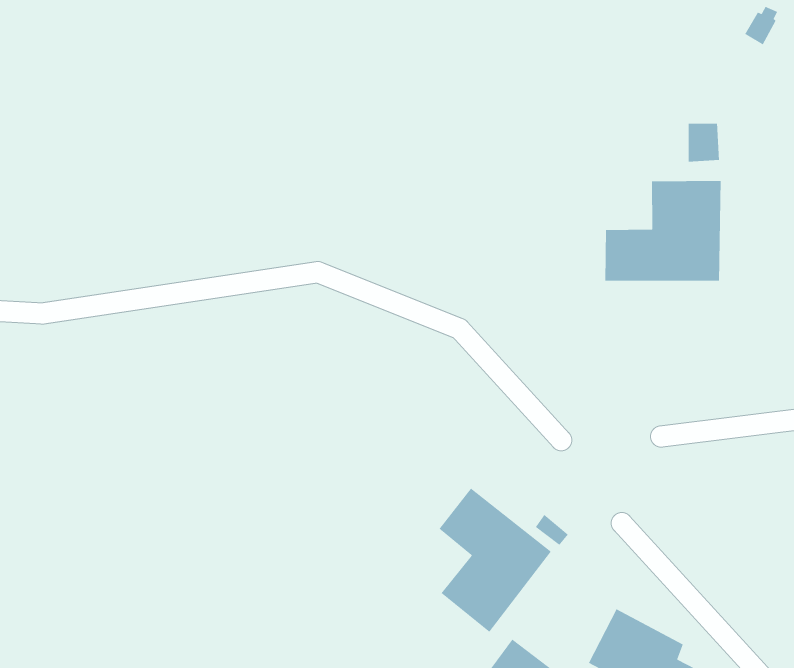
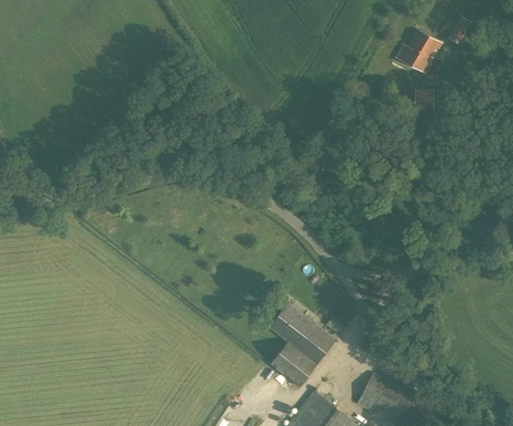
building: none -> [395,30,439,74]
building: [605,180,721,282] -> none

